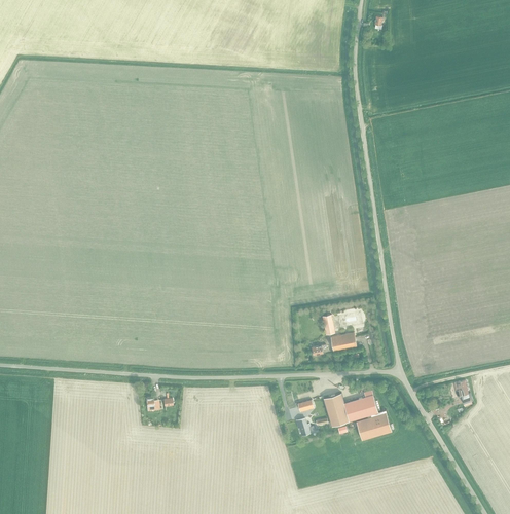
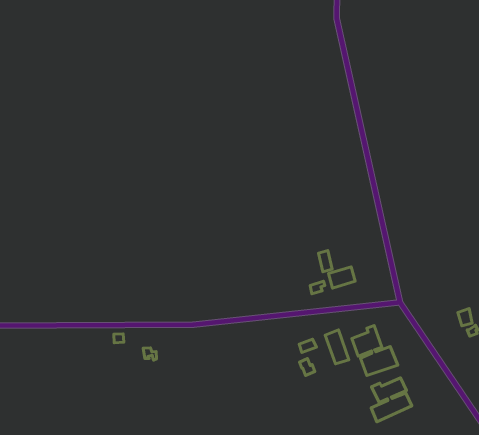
building: none -> [371,378,412,422]

